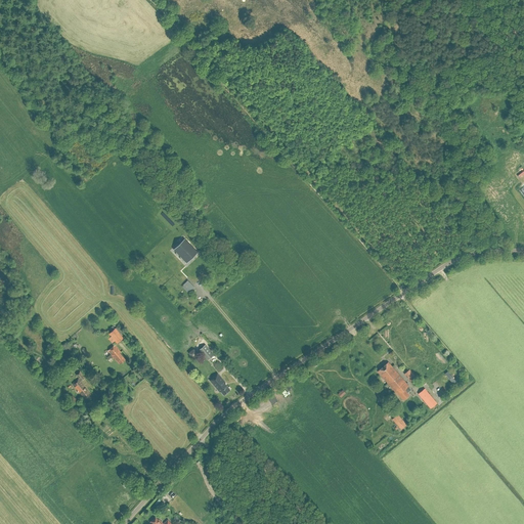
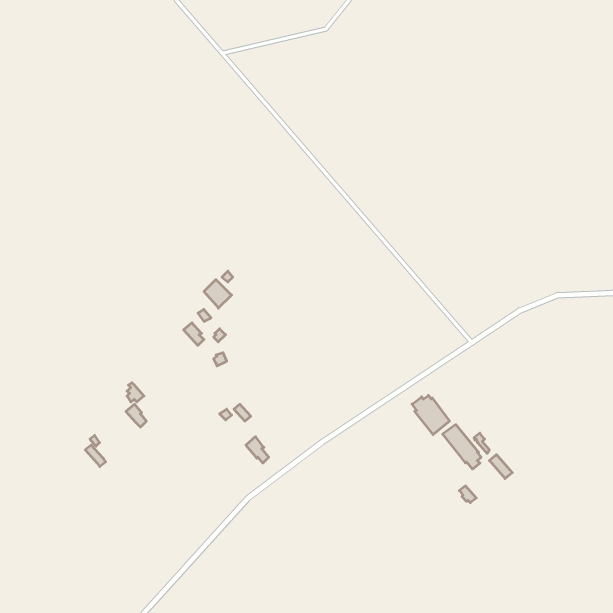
building: none -> [412,395,449,435]

